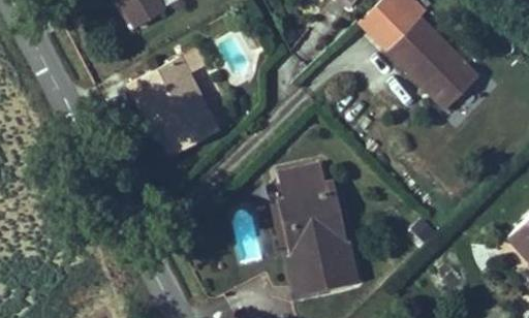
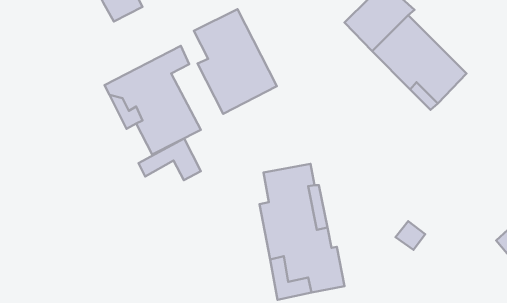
building: none -> [194,9,277,114]
building: none -> [139,138,201,180]

